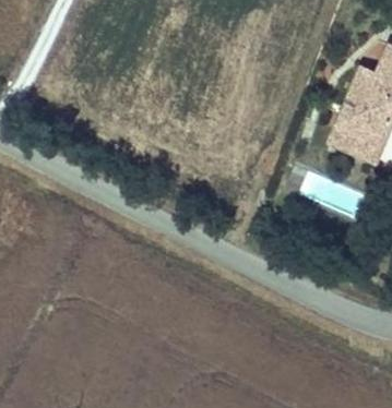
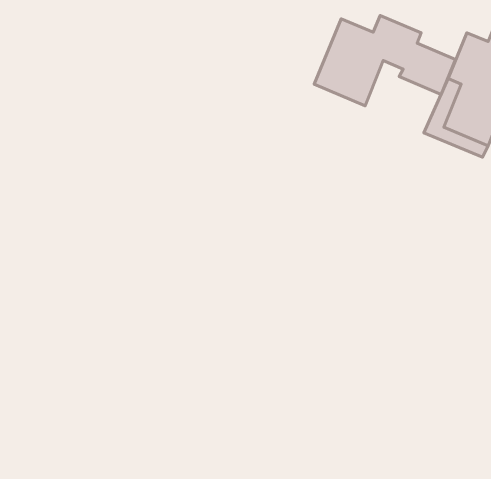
building: none -> [314,16,455,106]

